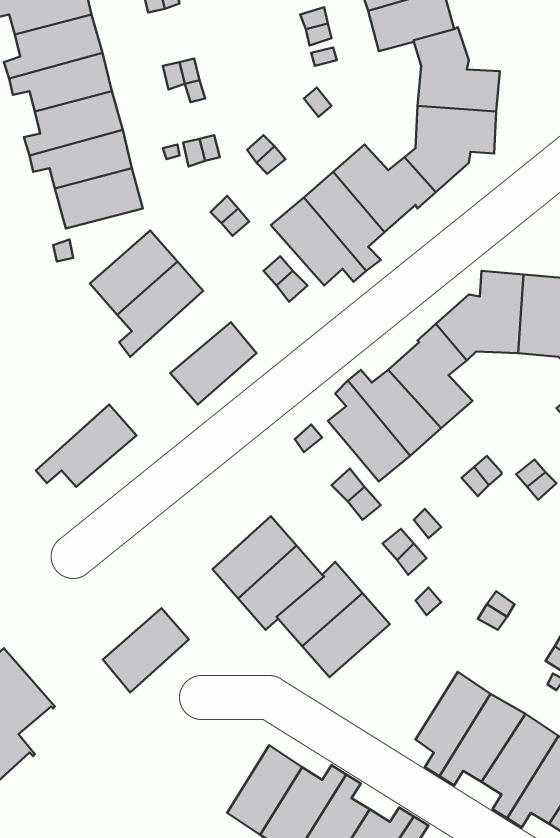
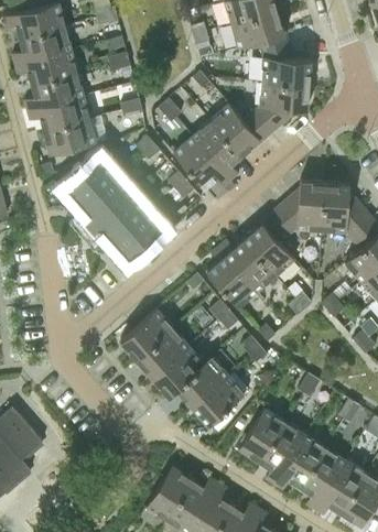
building: [36,404,137,487] -> [88,192,149,241]
building: [103,608,189,693] -> [121,308,173,359]
building: none -> [239,408,285,462]

